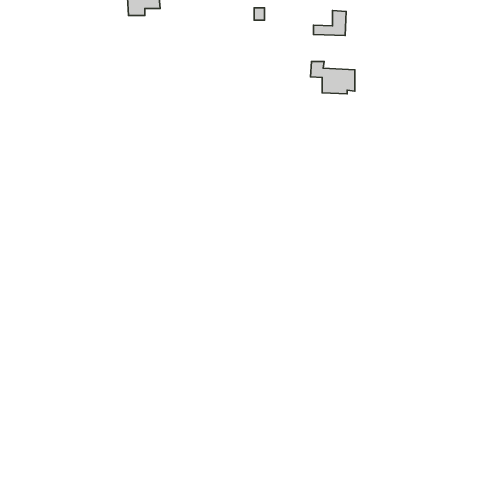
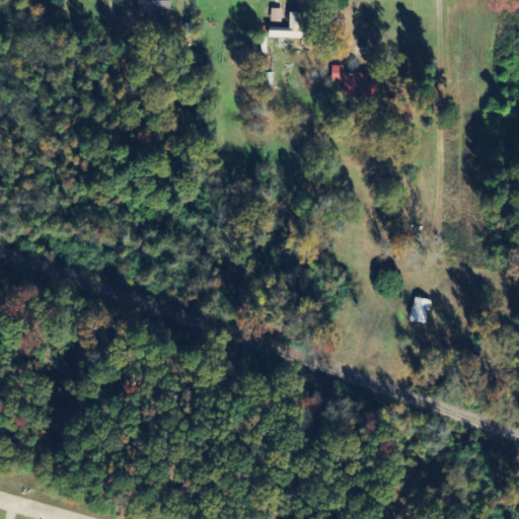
building: [313,11,346,36] -> [268,11,302,38]
building: none -> [409,296,431,323]

